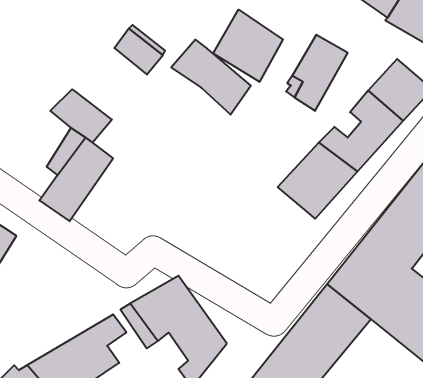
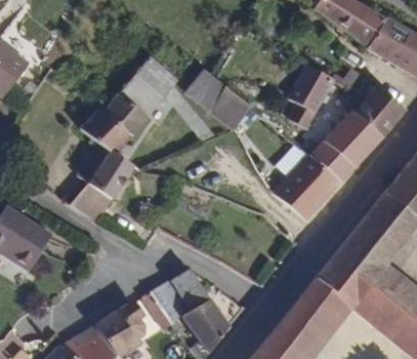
building: [213,10,283,82] -> none
building: none -> [103,75,164,135]

